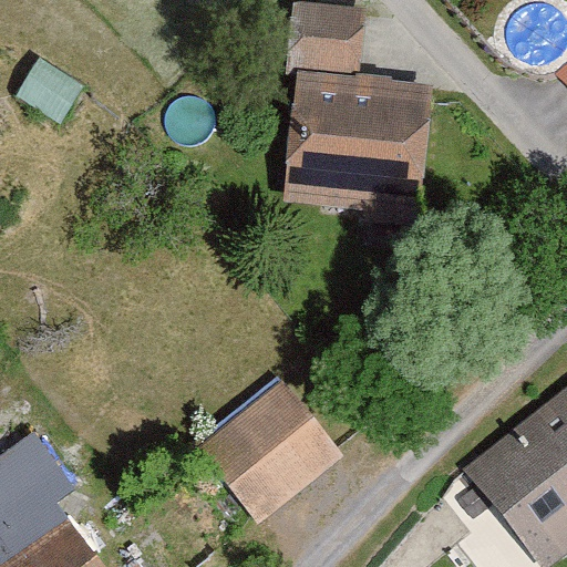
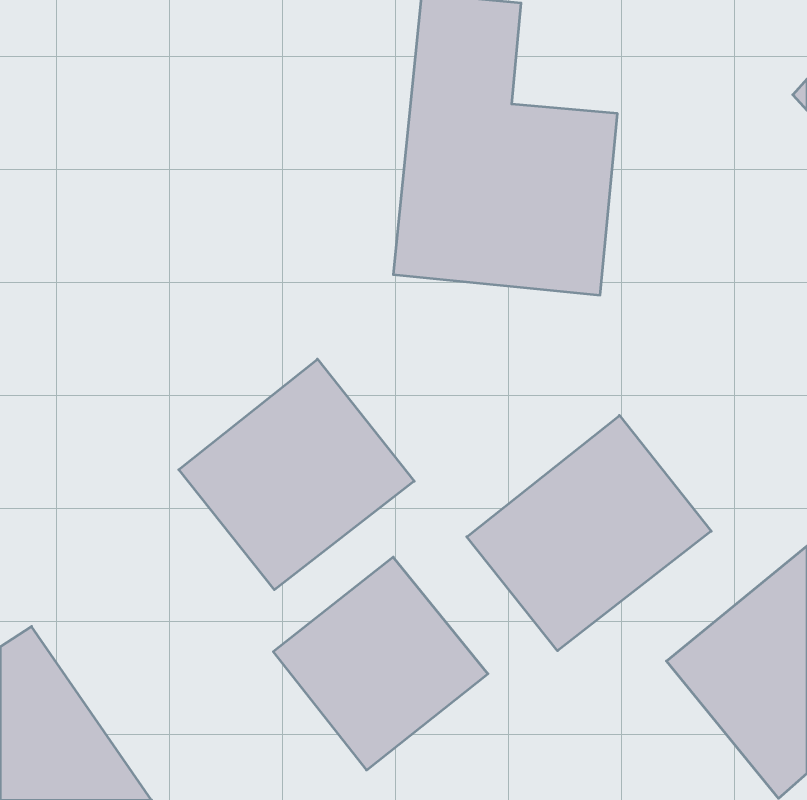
building: none -> [179,359,414,590]
building: none -> [467,415,711,651]

